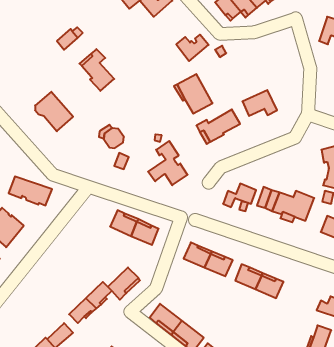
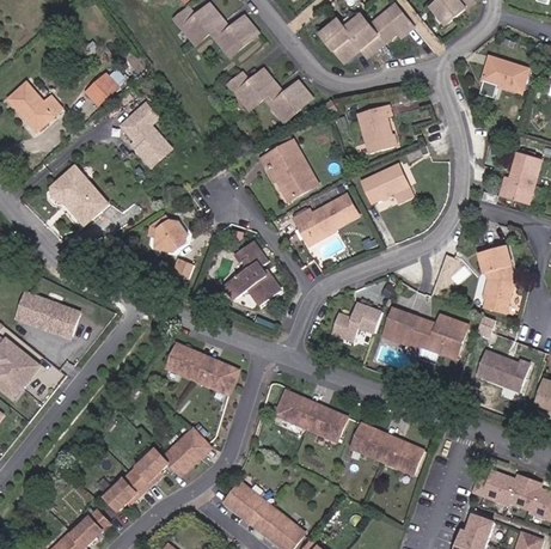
building: none -> [227,68,276,108]
building: none -> [7,81,61,130]
building: none -> [357,104,396,152]

